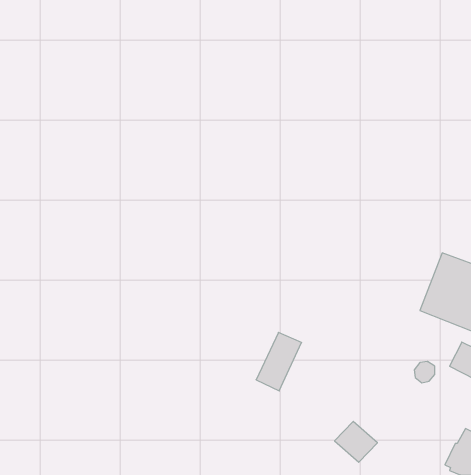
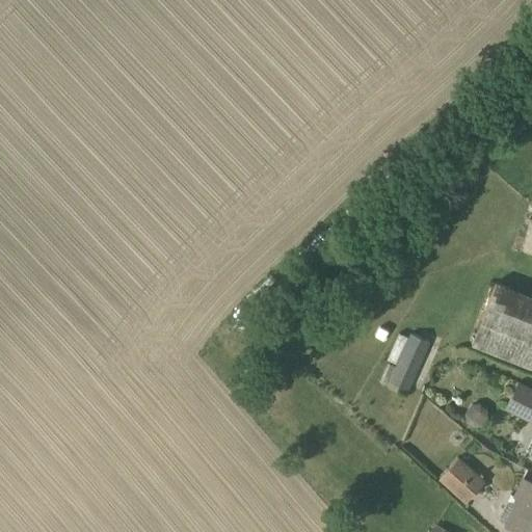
building: [256,332,302,391] -> [385,327,436,393]
building: [335,421,377,462] -> [441,458,488,504]

